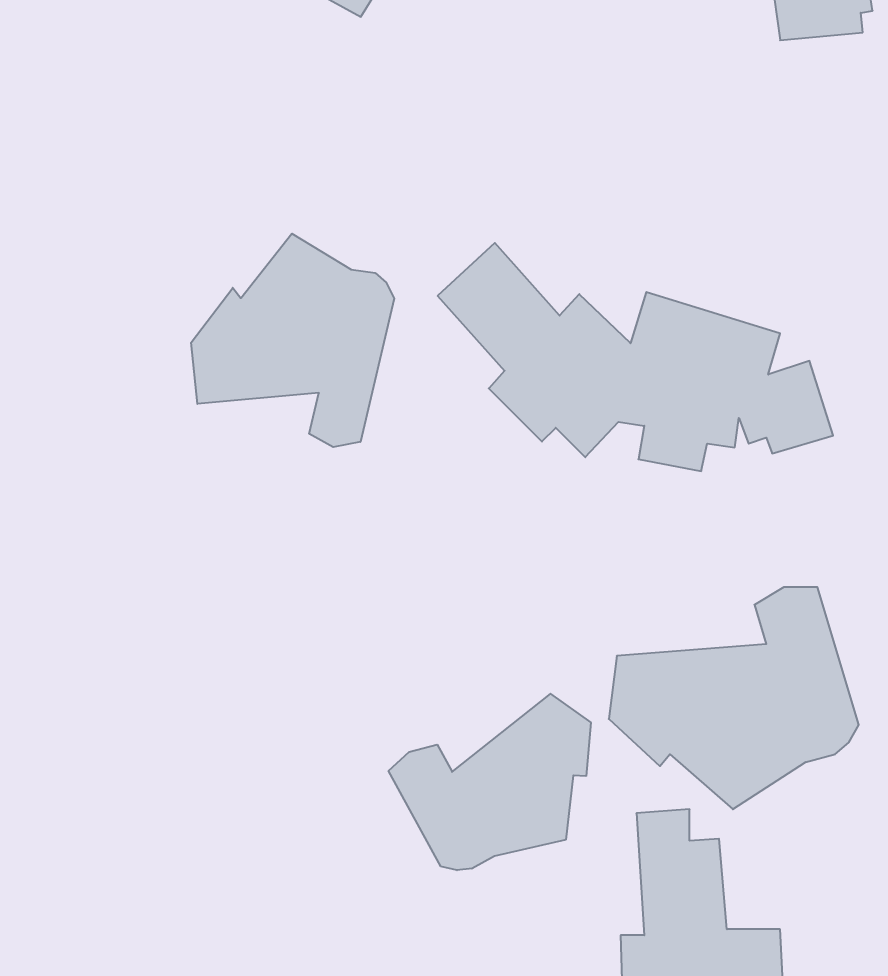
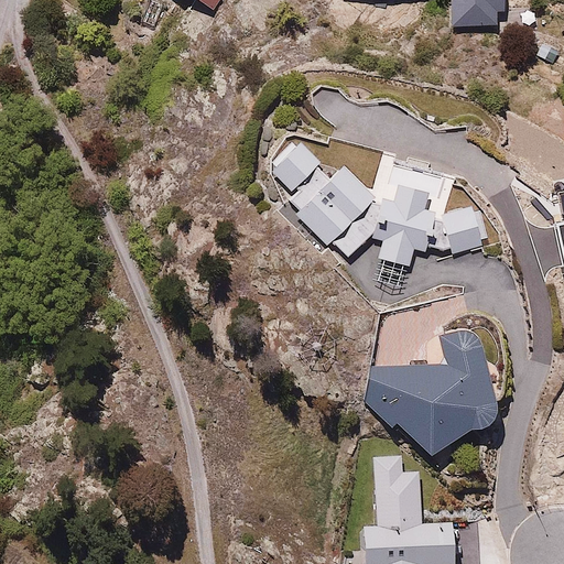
building: [191,234,394,447] -> none
building: [389,694,591,870] -> none

